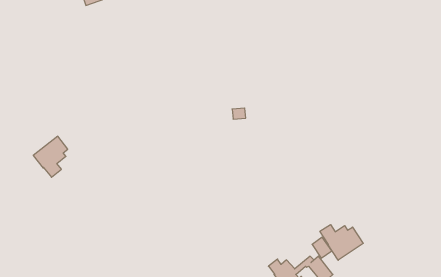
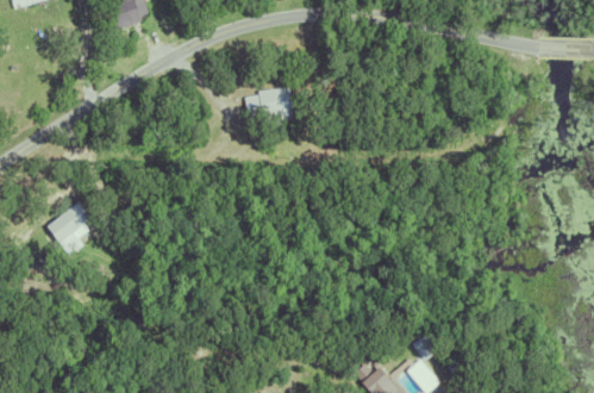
building: none -> [246,87,294,121]
building: [320,225,363,260] -> none

